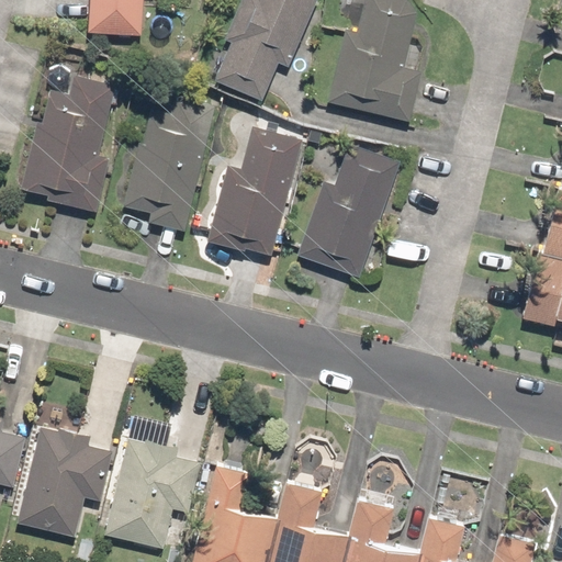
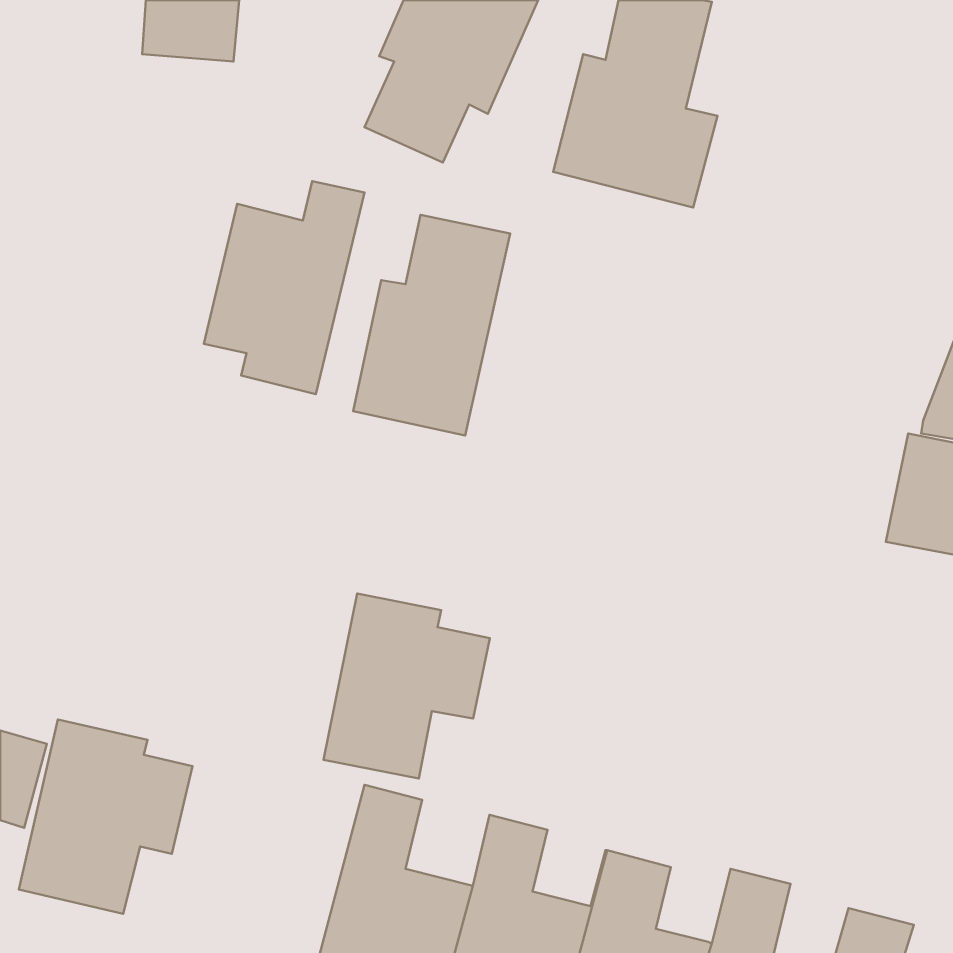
building: [23,76,116,216] -> none
building: [291,142,403,279] -> none
building: [104,439,202,548] -> [324,593,490,778]

